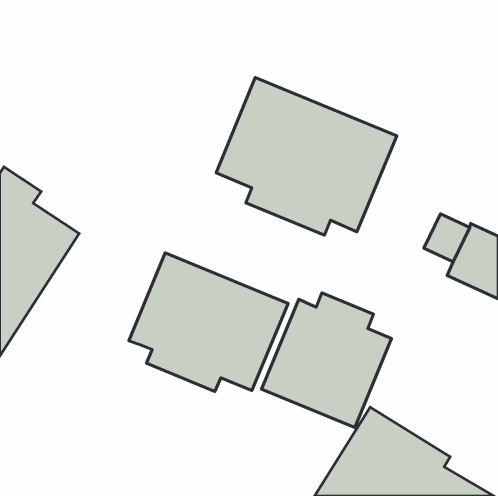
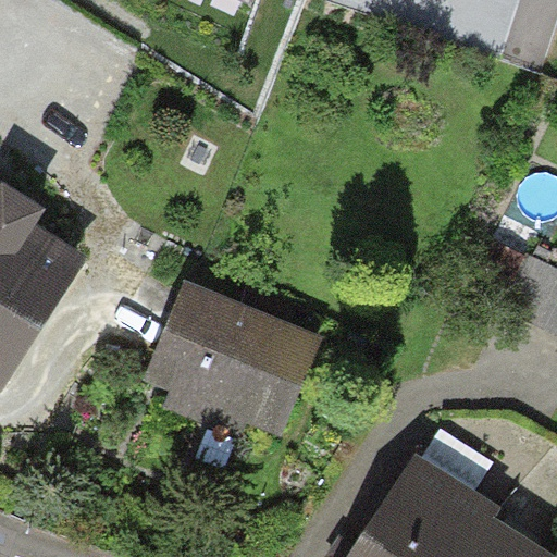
building: [216,77,397,235] -> none
building: [262,293,391,428] -> none

